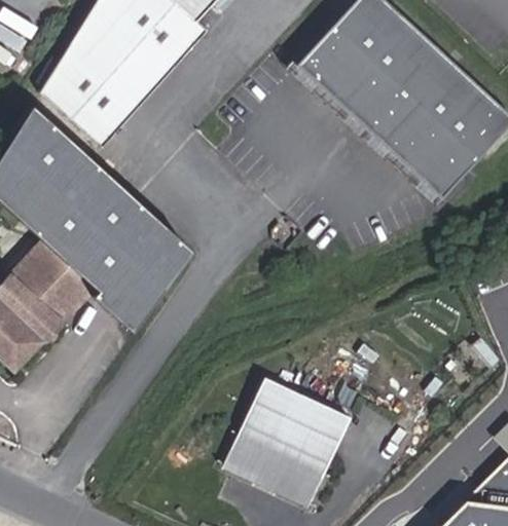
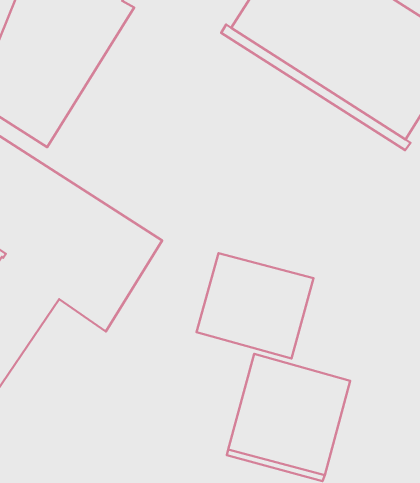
building: none -> [196,253,314,358]

